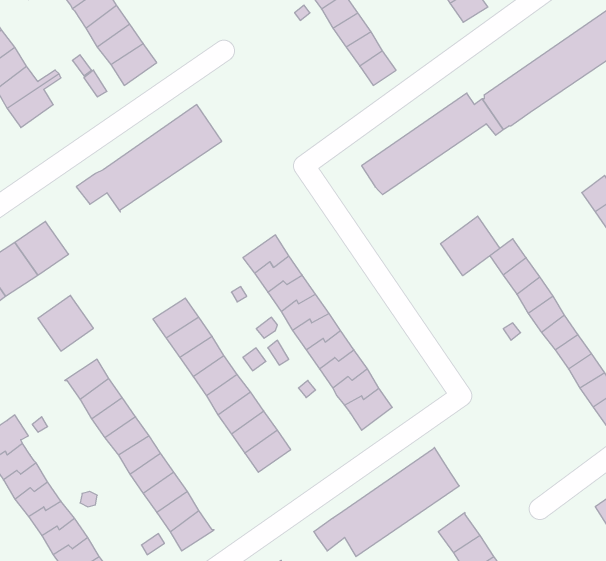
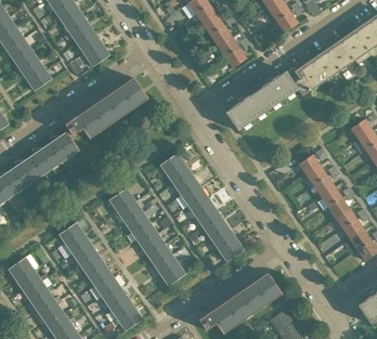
building: [441,216,500,276] -> none
building: [38,295,93,351] -> [48,131,79,162]

